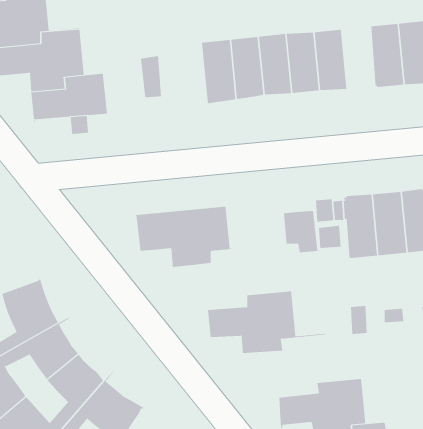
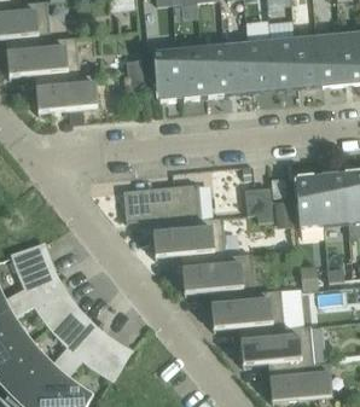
building: none -> [292,35,320,87]
building: none -> [152,48,181,101]
building: none -> [152,217,251,269]
building: none -> [210,290,309,342]

